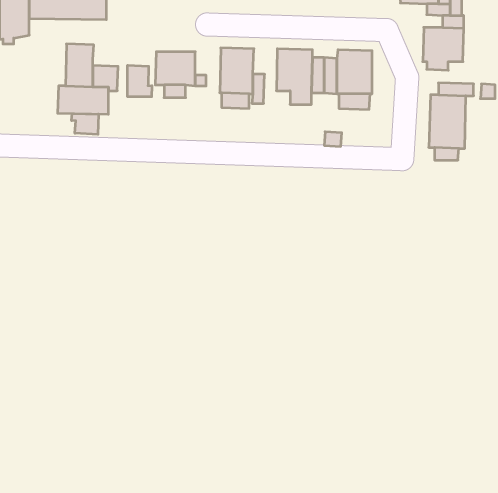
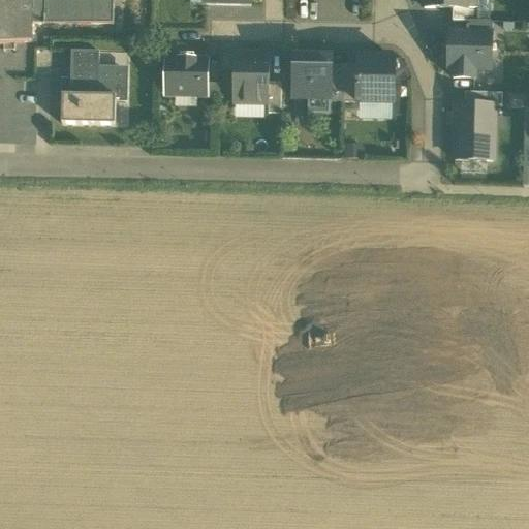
building: [128,65,152,97] -> none
building: [72,114,98,134] -> none

